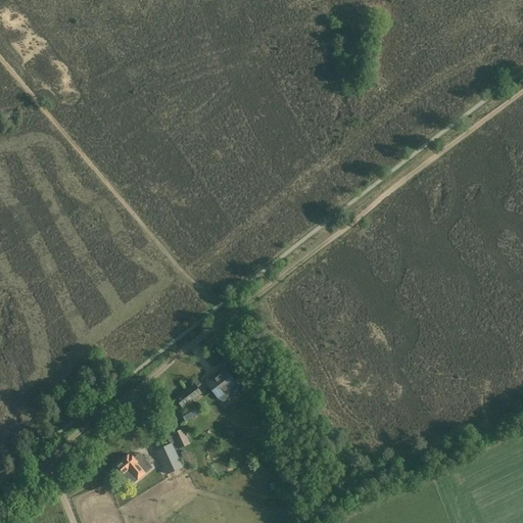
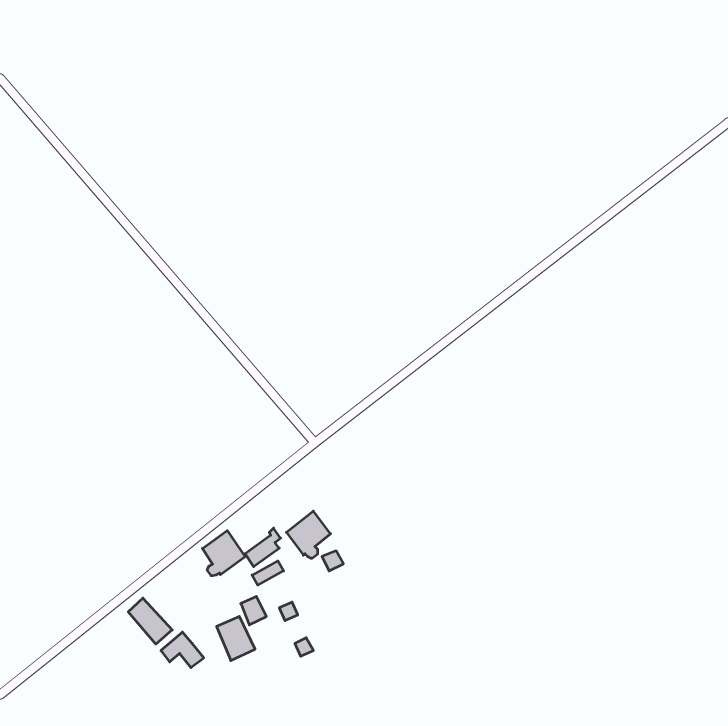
building: none -> [202,531,245,576]
building: none -> [128,598,172,644]

